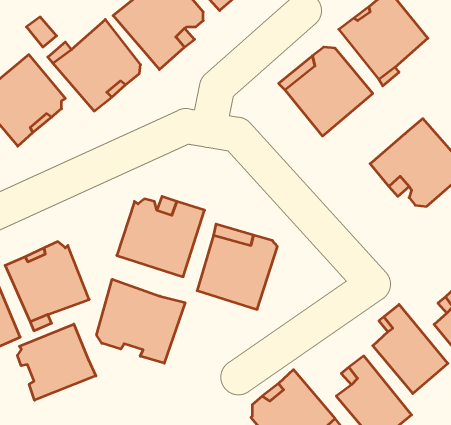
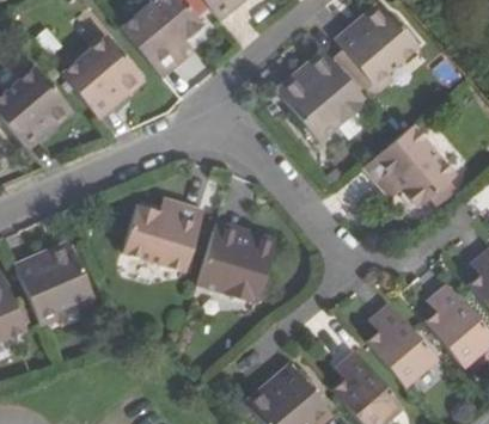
building: [97,279,185,363] -> none
building: [17,324,96,400] -> none

